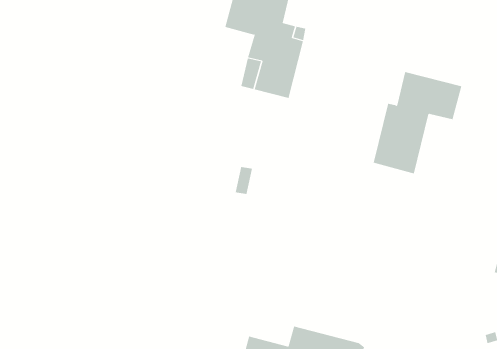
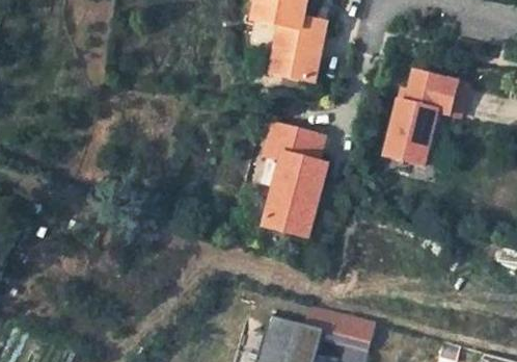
building: none -> [261,122,326,237]

